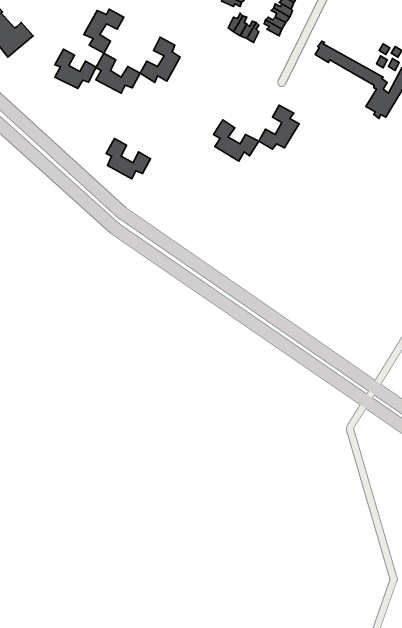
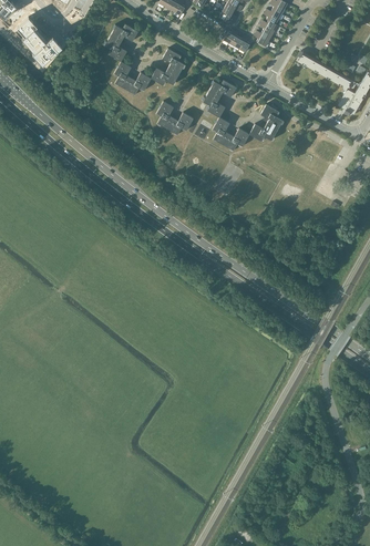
building: [55,49,96,88] -> none
building: none -> [203,79,236,115]
building: [106,139,150,179] -> [156,100,193,133]

